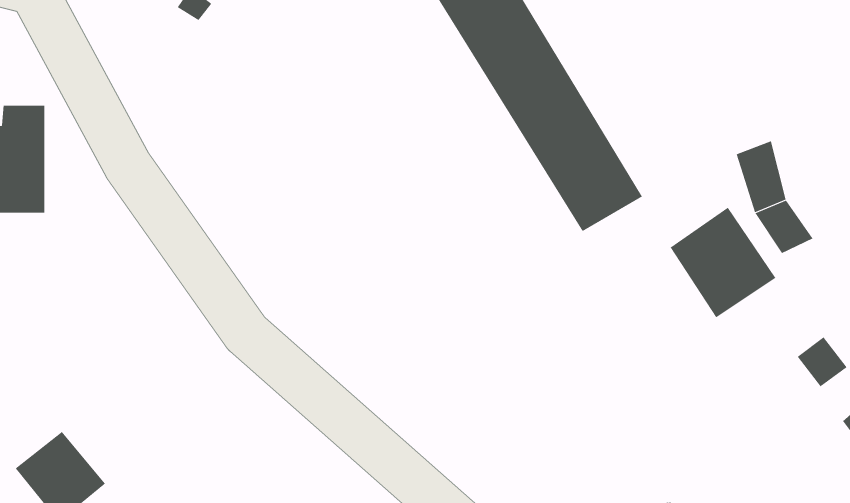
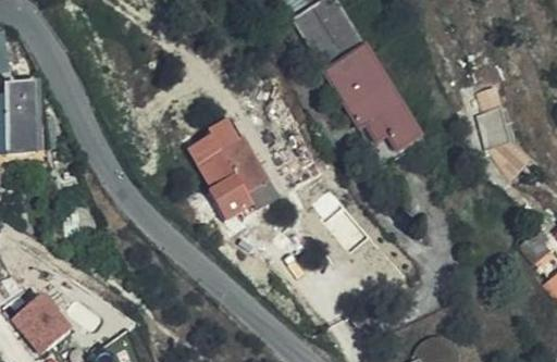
building: none -> [190,117,275,217]
building: [670,207,776,318] -> none

